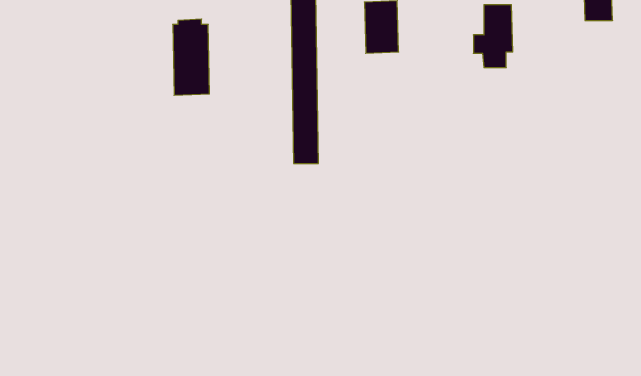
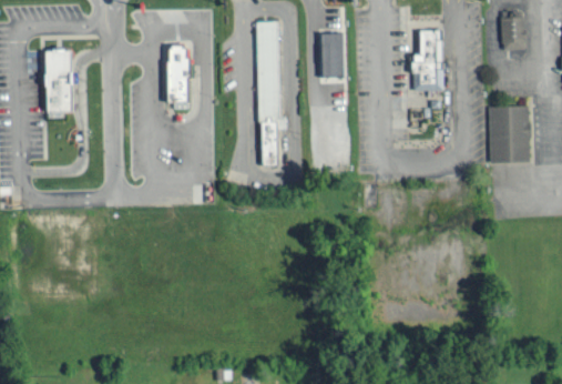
building: none -> [45,58,74,121]
building: none -> [491,107,532,164]

